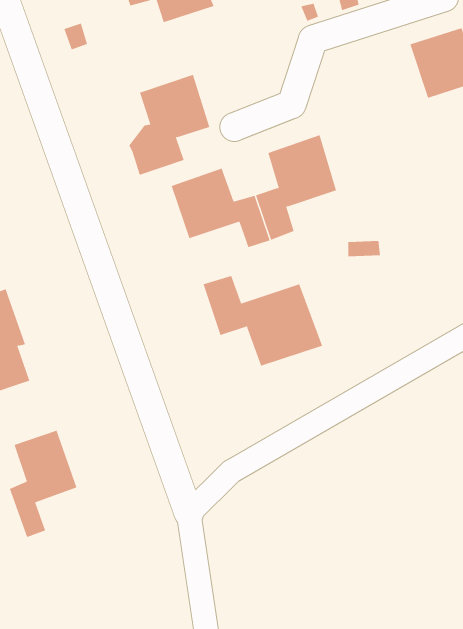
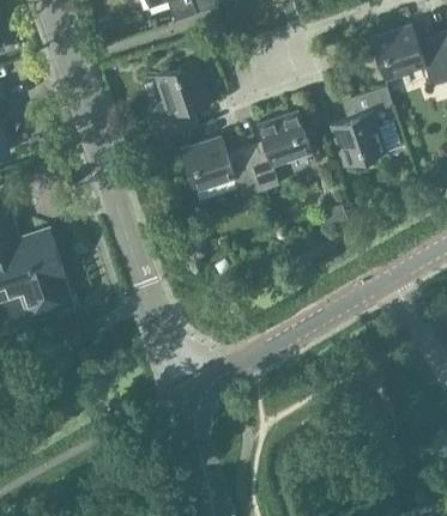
building: none -> [330,86,392,166]
building: [203,275,323,366] -> none
building: [9,430,77,538] -> none

